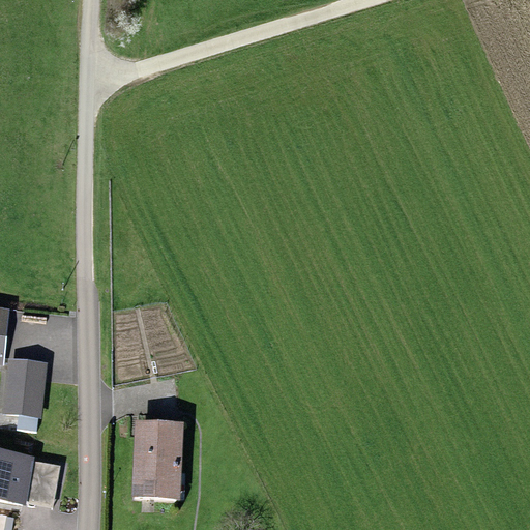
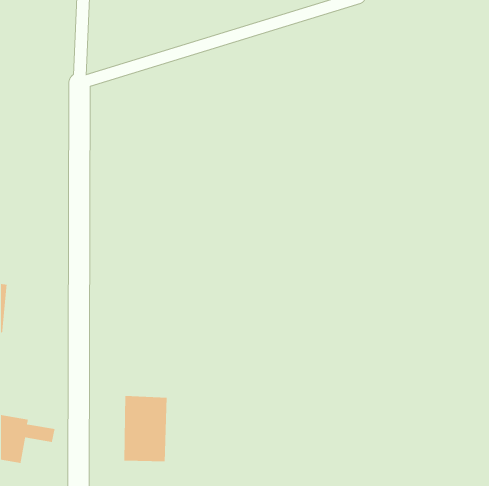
building: [4,358,43,416] -> none
building: [23,474,57,507] -> none

